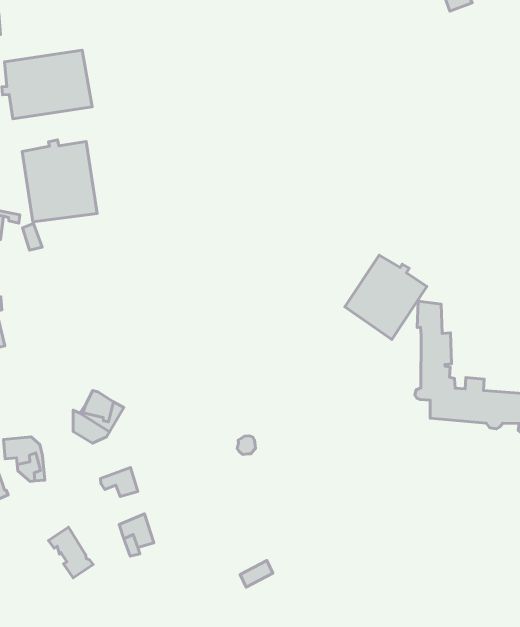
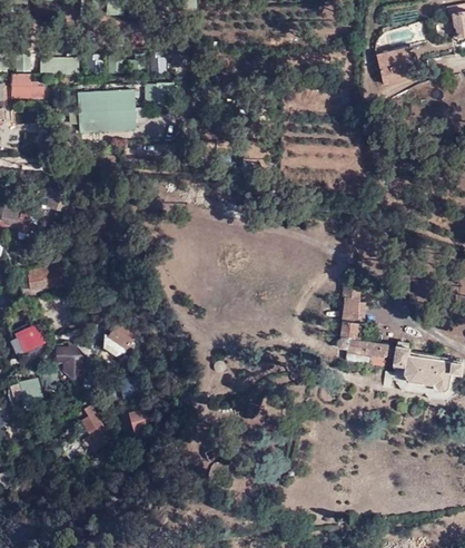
building: [22,140,97,222] -> none
building: [345,255,427,339] -> none

